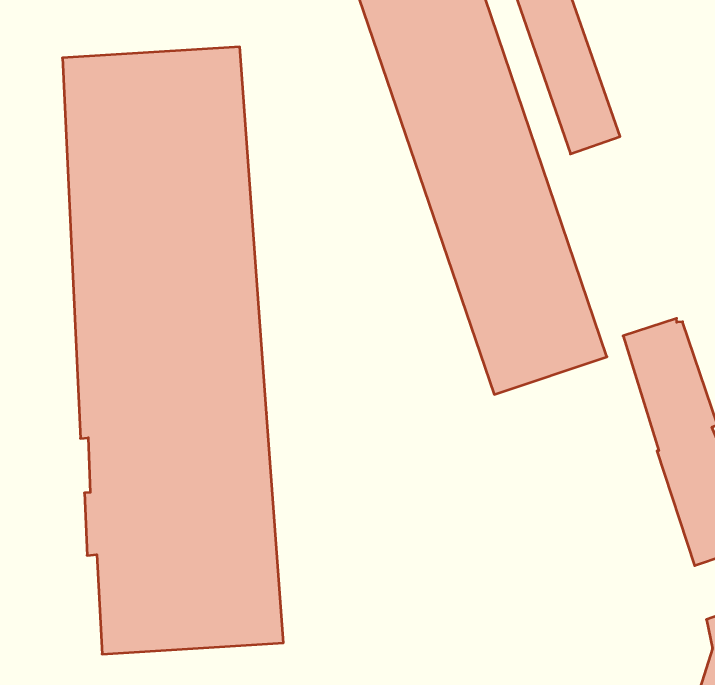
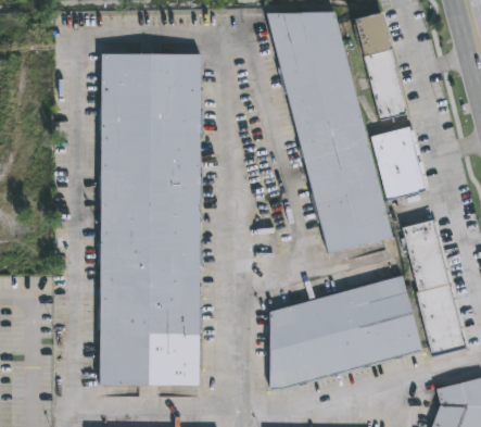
building: none -> [370,127,428,201]
building: none -> [274,276,427,389]

